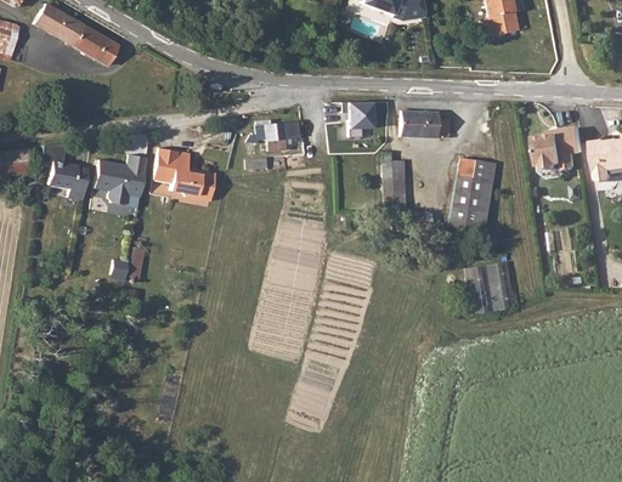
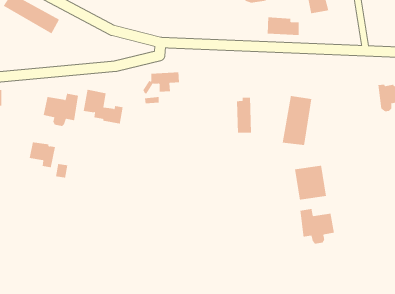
building: [343,102,374,137] -> none
building: [401,110,449,138] -> [267,17,299,36]
building: [536,129,584,171] -> none
building: [49,159,89,198] -> [29,142,56,168]
building: none -> [300,208,334,244]

